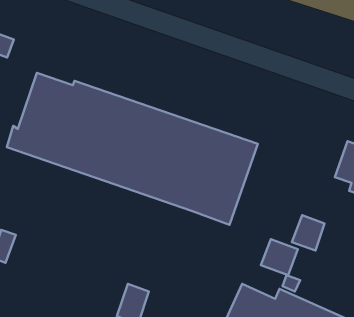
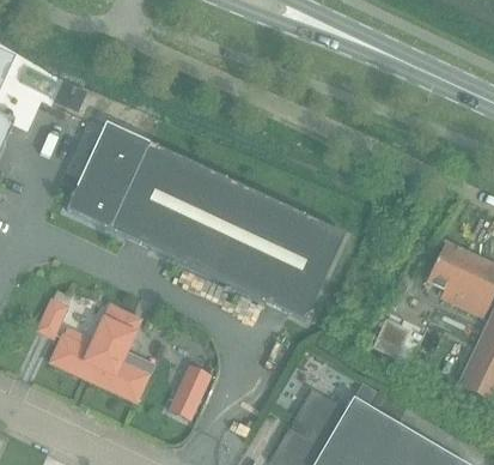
building: none -> [49,303,153,399]
building: [261,239,298,275] -> none

